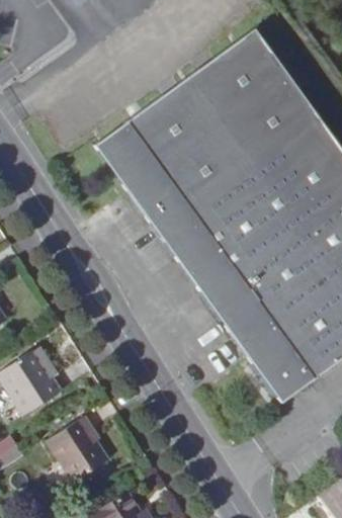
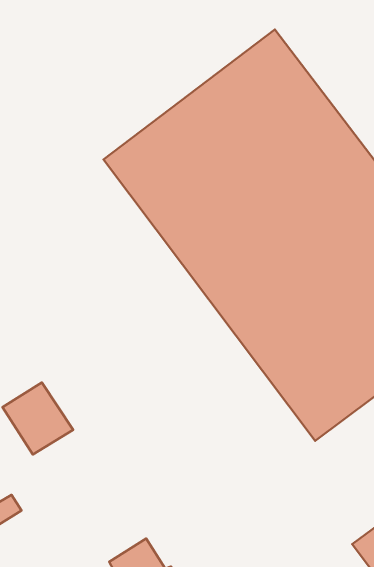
building: [54,414,117,485] -> none

